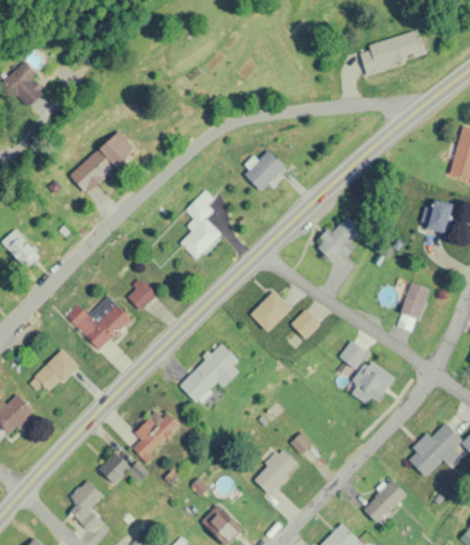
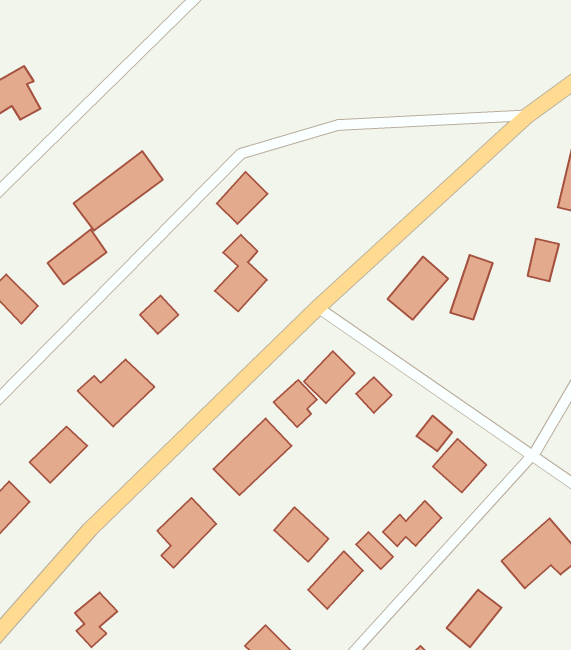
building: [358,28,425,76] -> none
building: [244,150,284,191] -> [217,172,268,224]
building: none -> [48,229,106,284]
building: [126,279,156,309] -> [140,296,178,334]
building: [395,281,429,332] -> [450,255,493,319]
building: none -> [274,380,317,427]
building: none -> [383,501,442,546]
building: none -> [274,507,328,562]
building: [99,452,131,484] -> none

